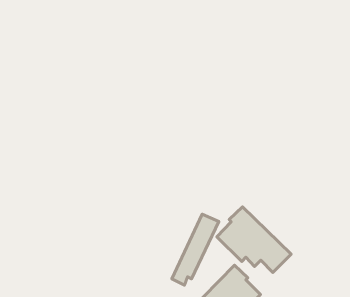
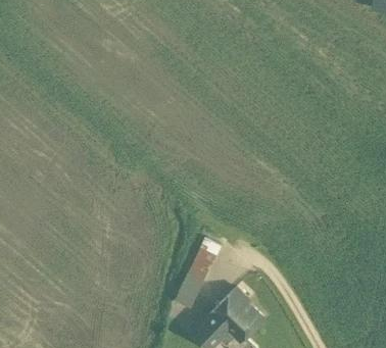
building: [217,207,291,273] -> none

